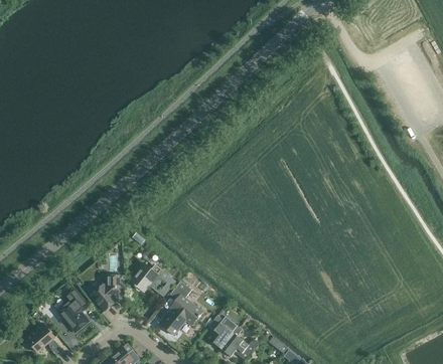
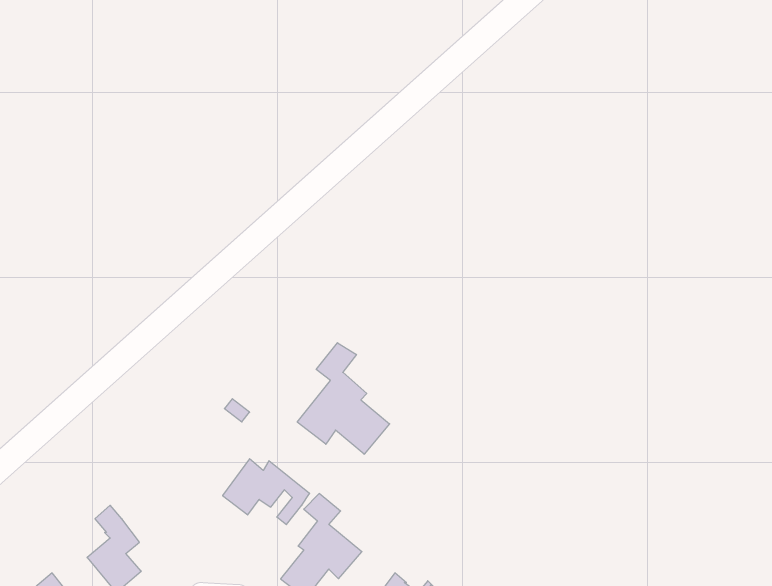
building: none -> [297,343,390,454]
building: [89,275,120,311] -> none

